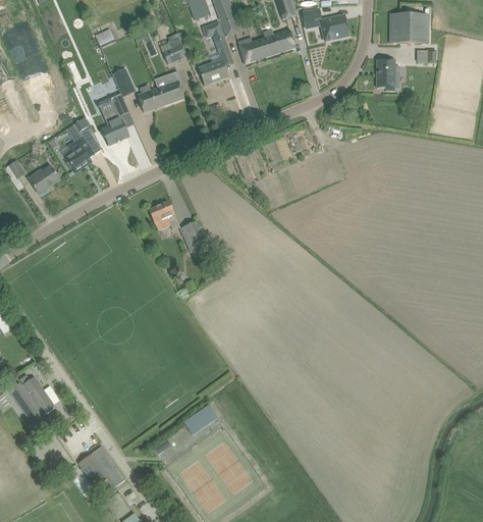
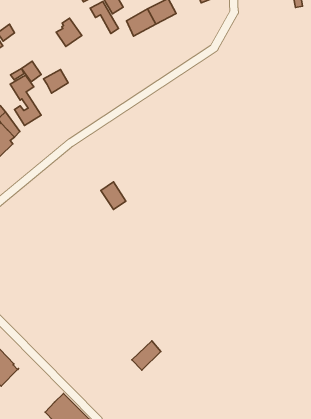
building: [197,59,227,84] -> none
building: [375,59,398,90] -> none
building: [157,70,183,104] -> none
building: [148,201,178,228] -> none

